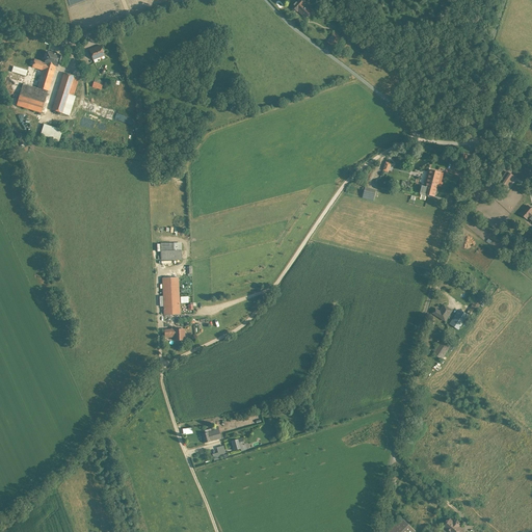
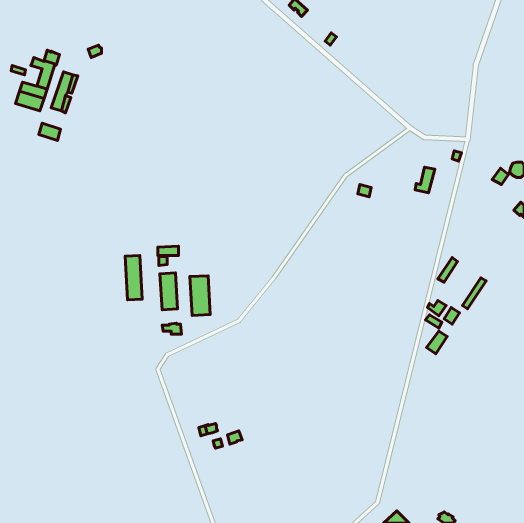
building: none -> [125,256,142,300]
building: none -> [190,276,210,315]

